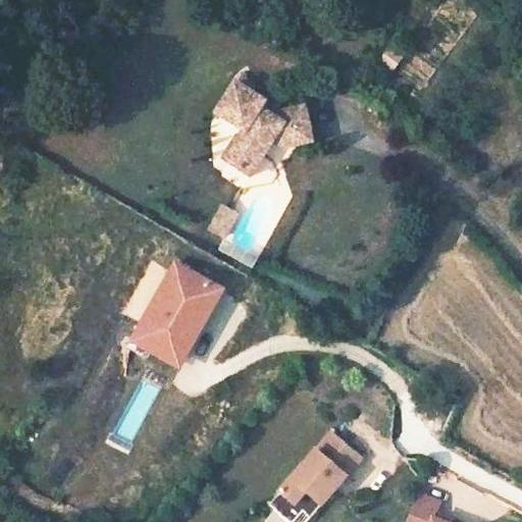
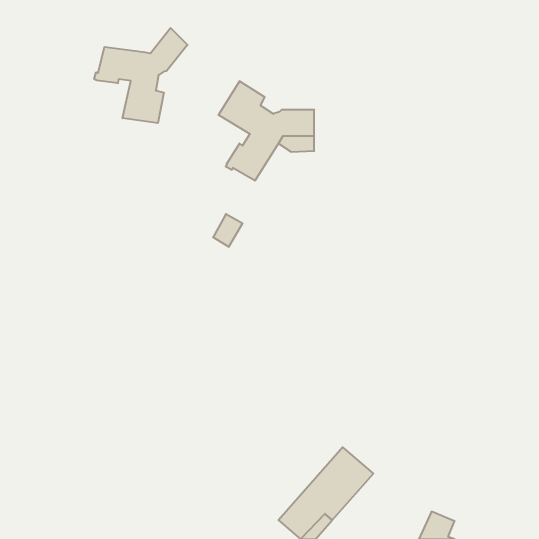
building: none -> [94,28,188,123]
building: [138,267,222,363] -> none

